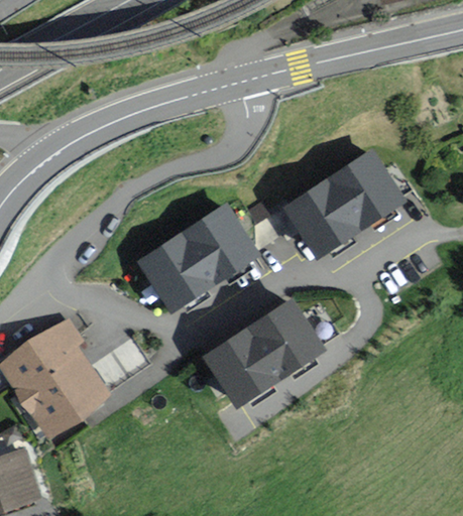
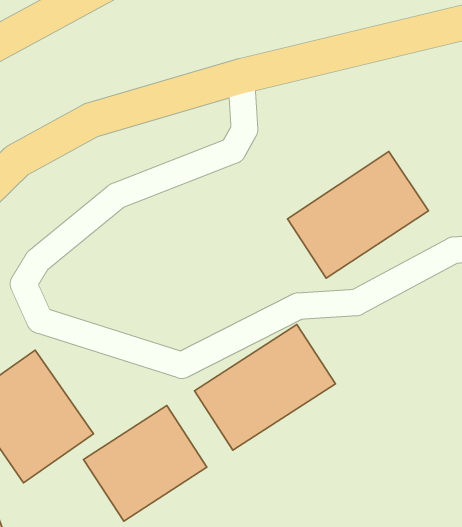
building: [137,204,258,312] -> none
building: none -> [84,406,207,521]

